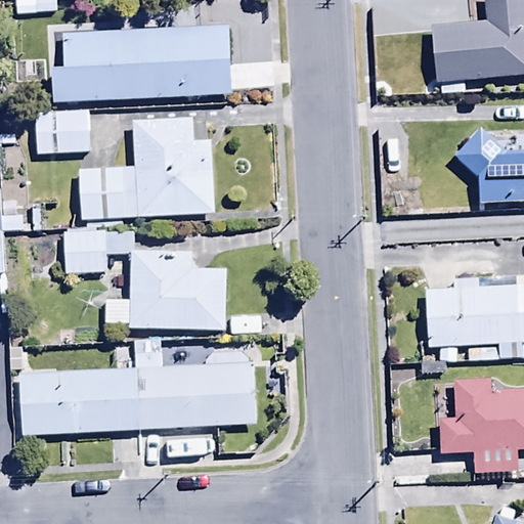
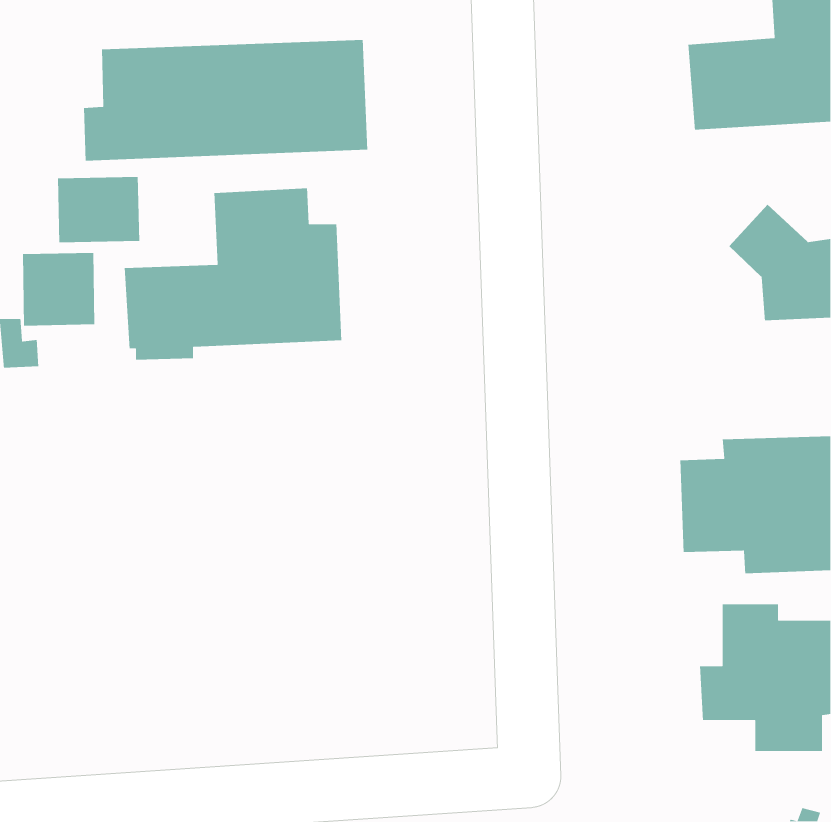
building: none -> [22,252,95,326]
building: [64,230,228,332] -> none
building: [19,340,258,435] -> none

